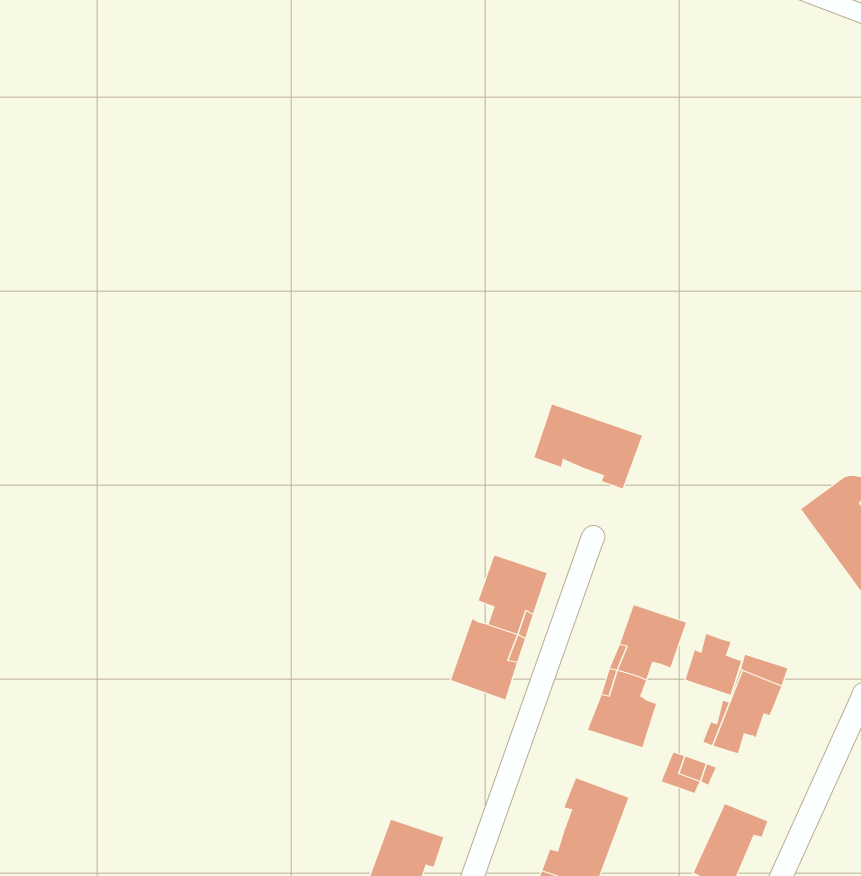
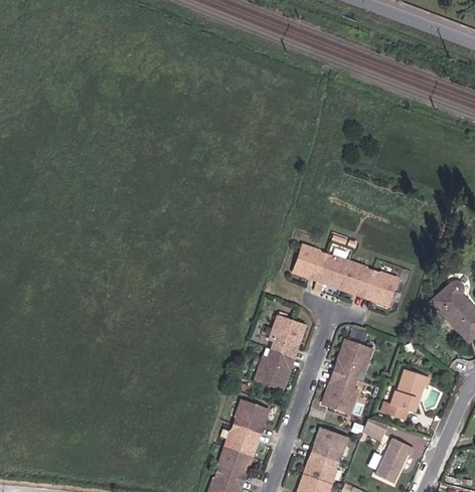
building: none -> [341,258,397,301]
building: [685,633,742,695] -> none
building: none -> [223,405,267,461]

